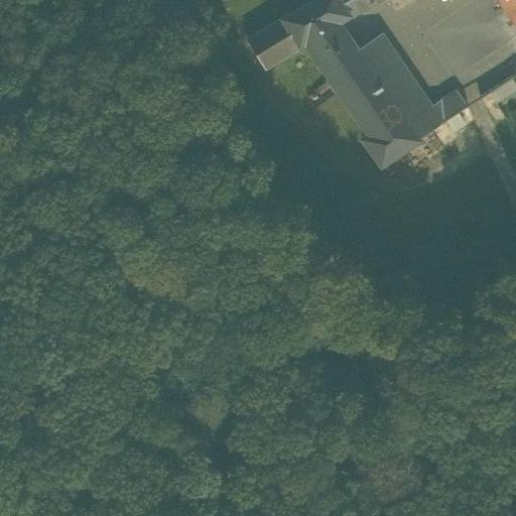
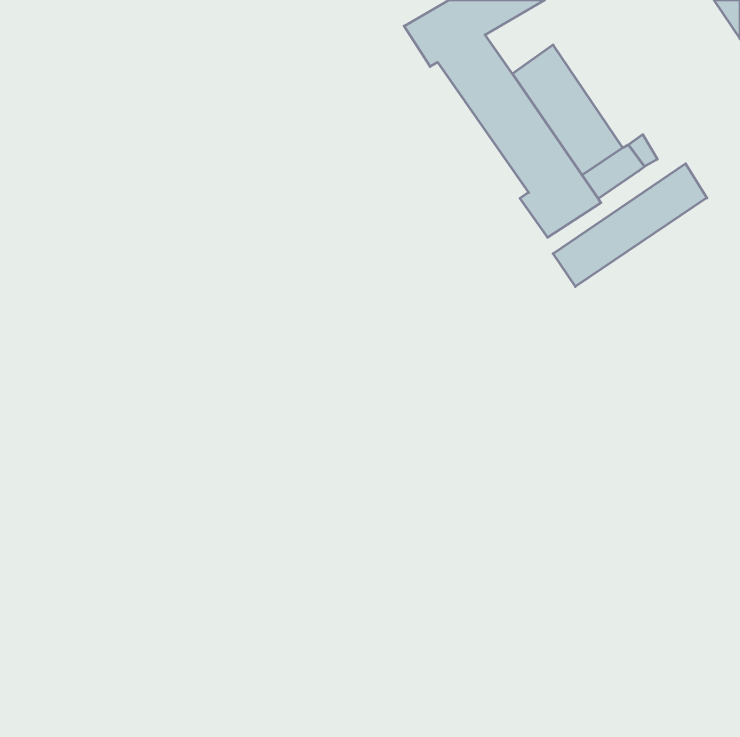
building: [248,20,299,70] -> none
building: none -> [553,164,707,287]

